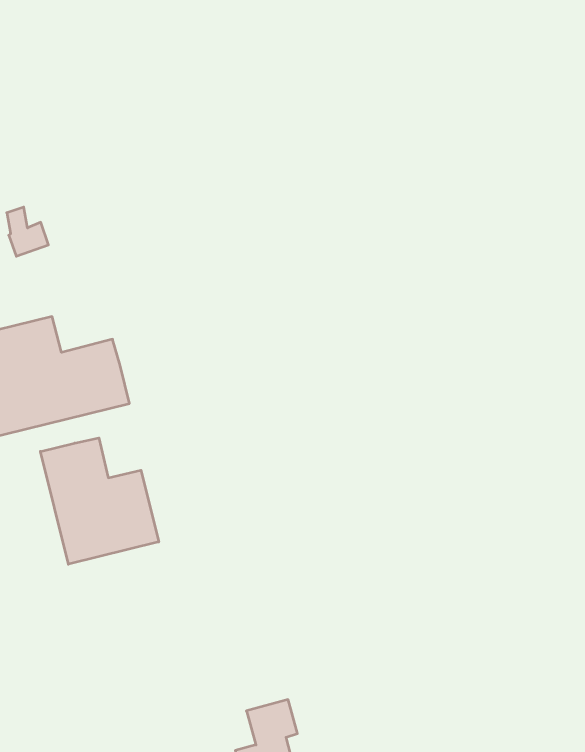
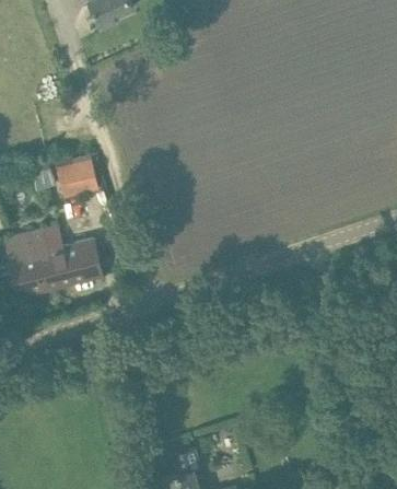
building: none -> [57,160,98,197]
building: [40,438,159,564] -> none

